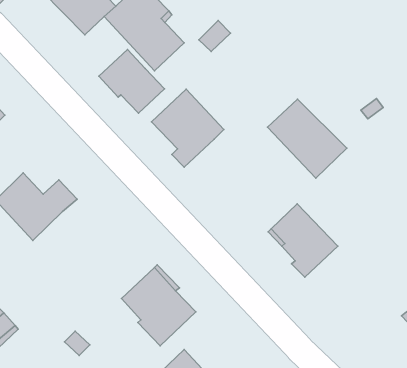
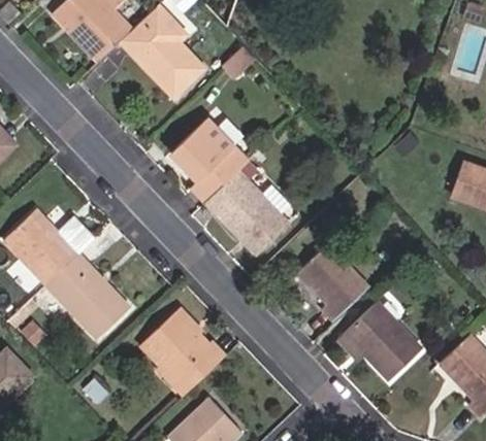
building: [99,49,165,113] -> none
building: [268,99,347,178] -> [206,173,291,258]
building: none -> [44,250,128,337]
building: none -> [344,301,420,377]

